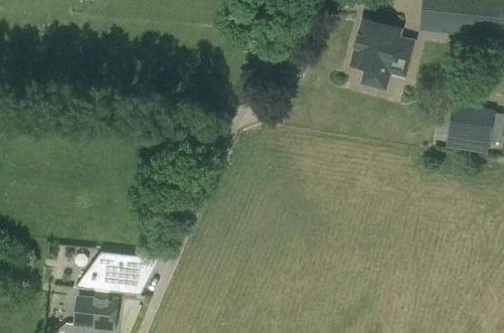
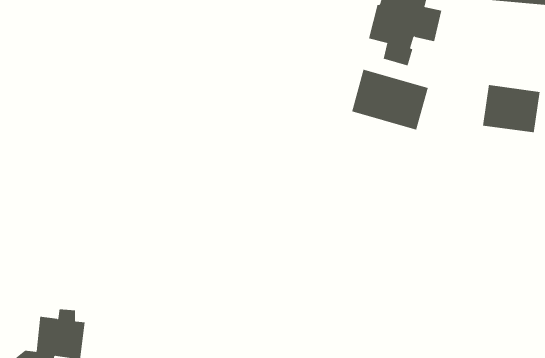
building: none -> [351,69,428,130]
building: [91,253,155,294] -> none

